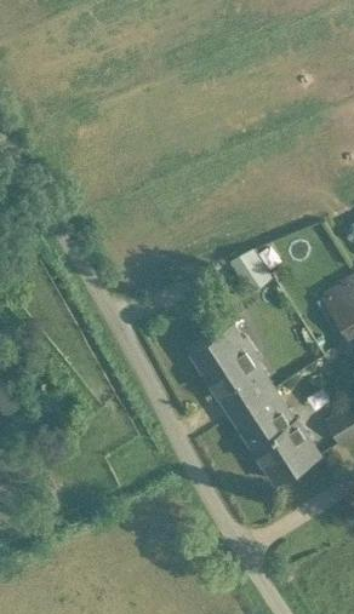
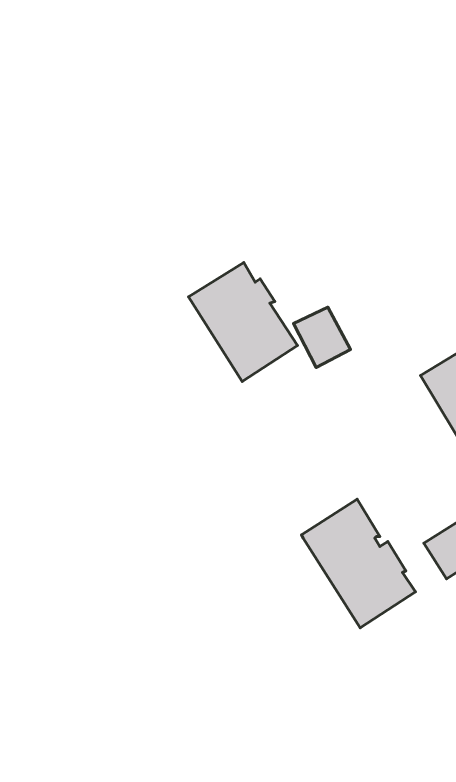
building: [190,326,272,414] -> [188,263,298,381]

